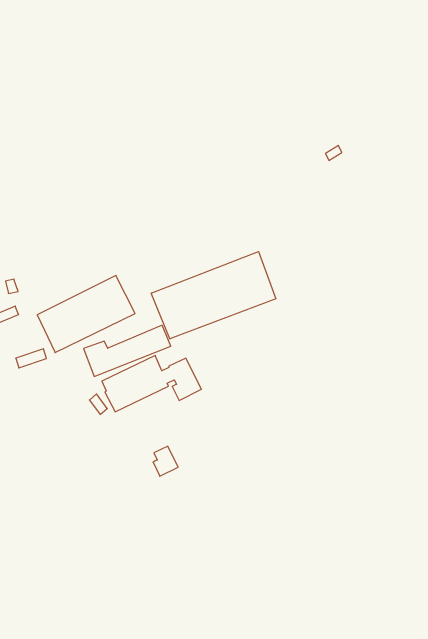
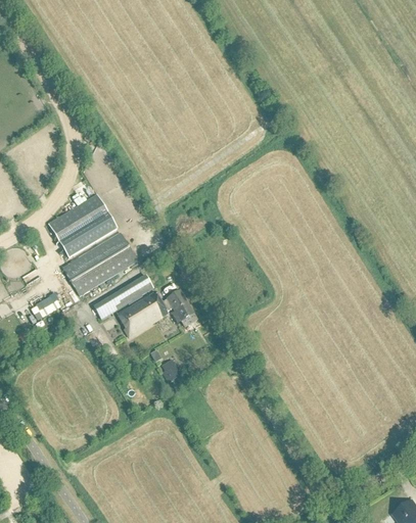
building: none -> [49,195,117,256]
building: [151,252,276,339] -> none

